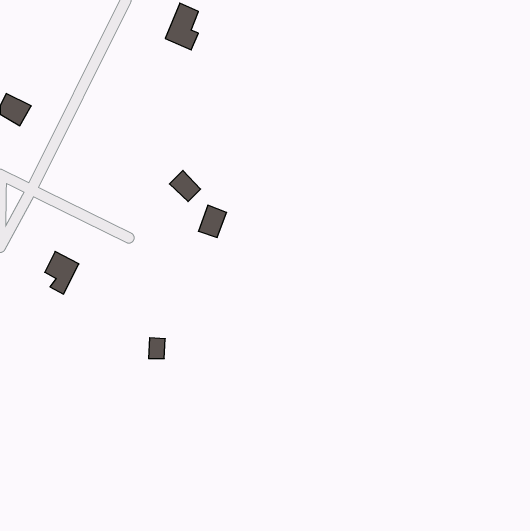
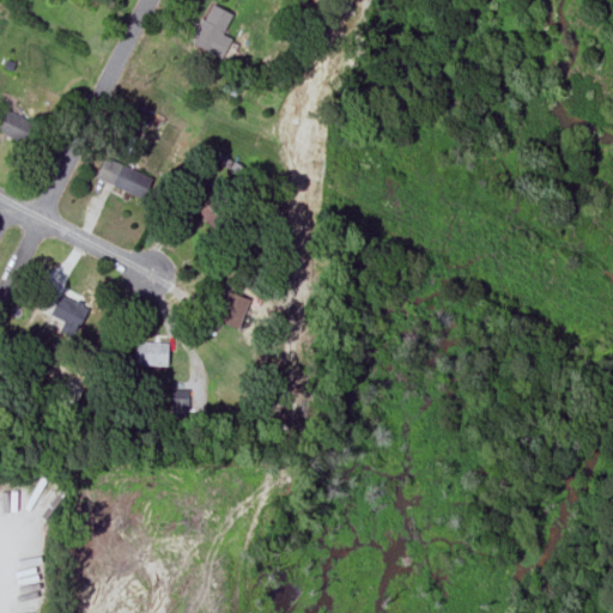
building: none -> [95,158,151,199]
building: [198,205,227,237] -> [217,291,249,328]
building: none -> [133,341,168,364]

